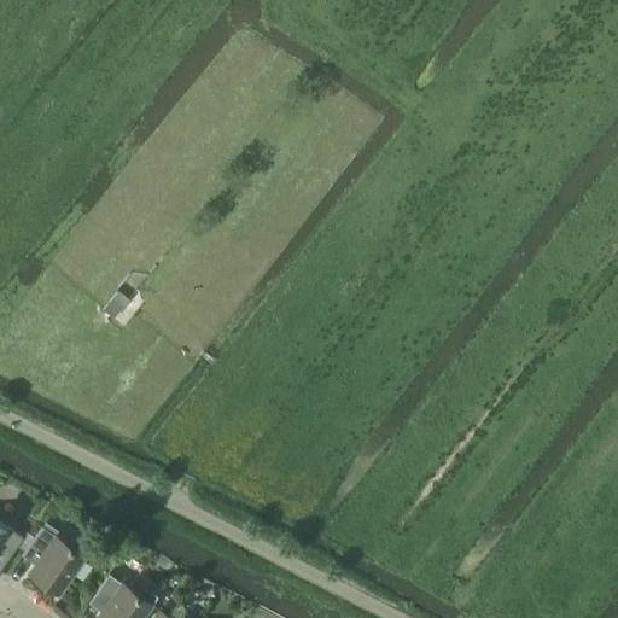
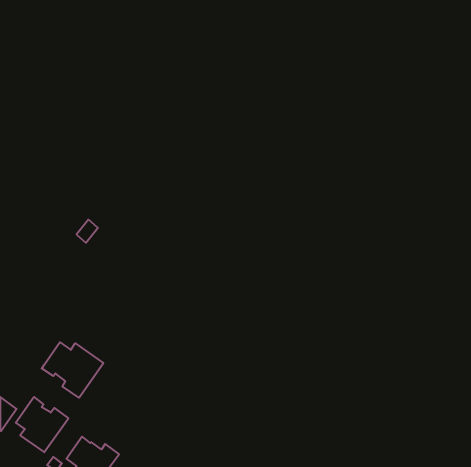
building: none -> [42,342,103,398]

